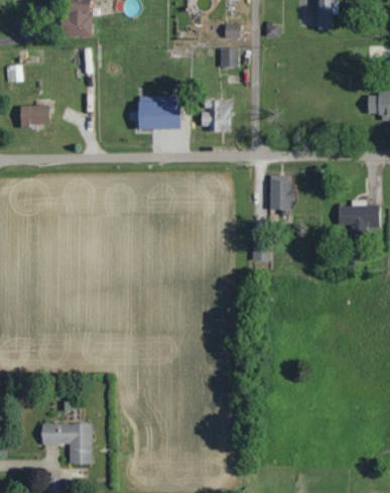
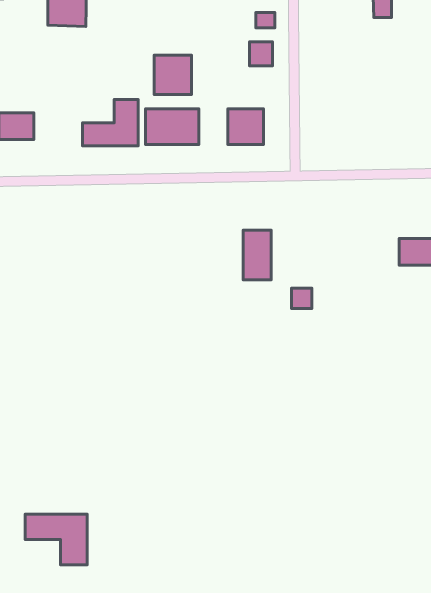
building: none -> [154,55,191,95]
building: none -> [83,99,138,146]
building: [270,175,292,215] -> [243,230,271,280]

